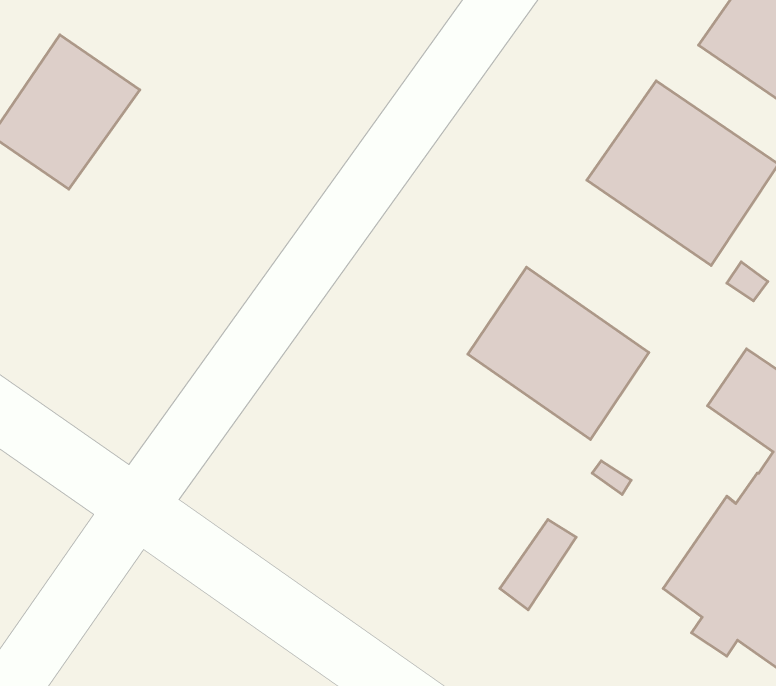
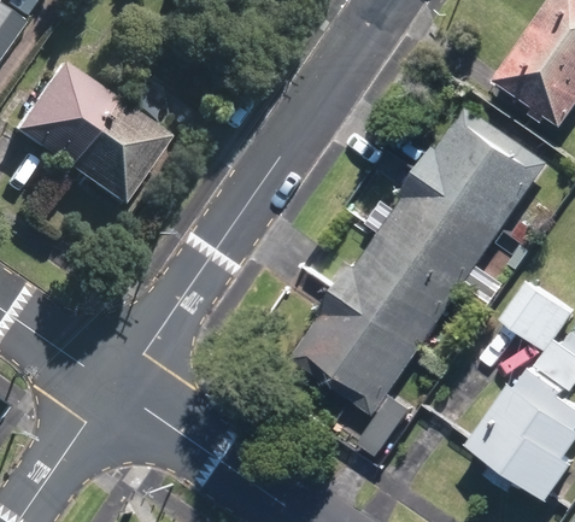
building: none -> [68,102,170,209]
building: none -> [379,164,504,281]
building: none -> [291,282,422,409]

